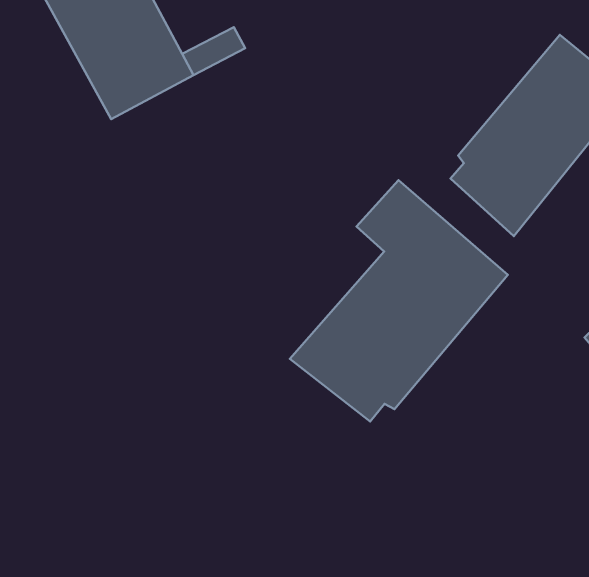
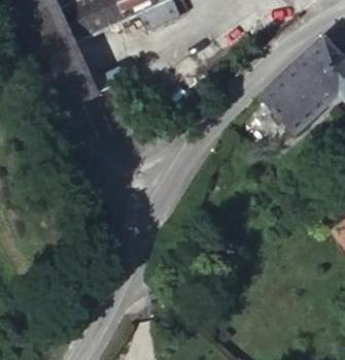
building: [290,180,508,422] -> none

